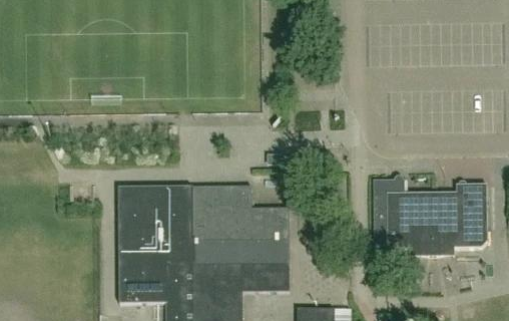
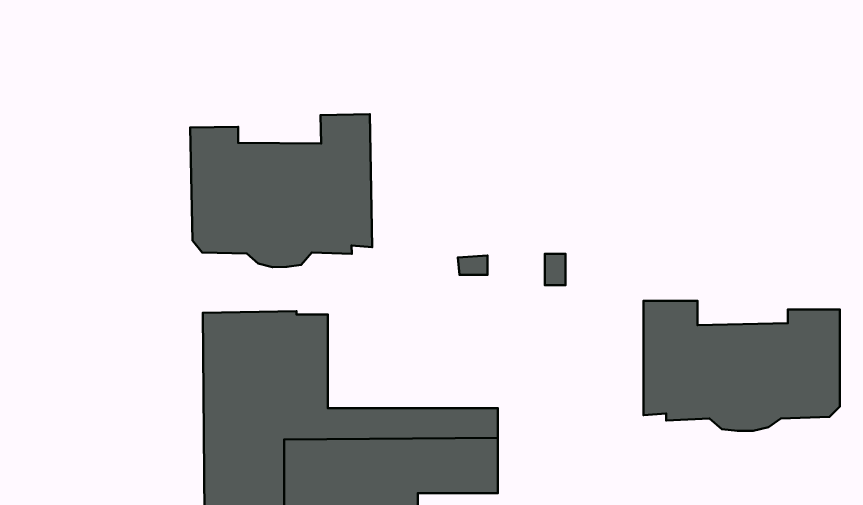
building: none -> [190,114,372,267]
building: [190,186,289,241] -> none

